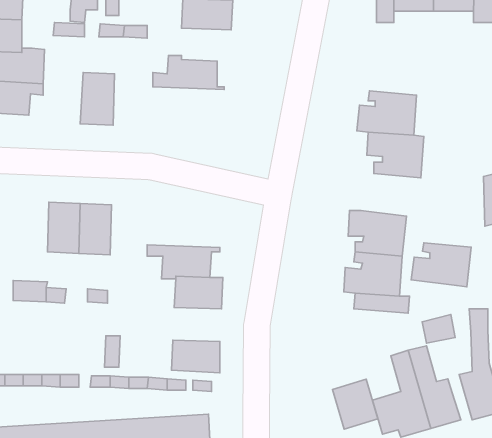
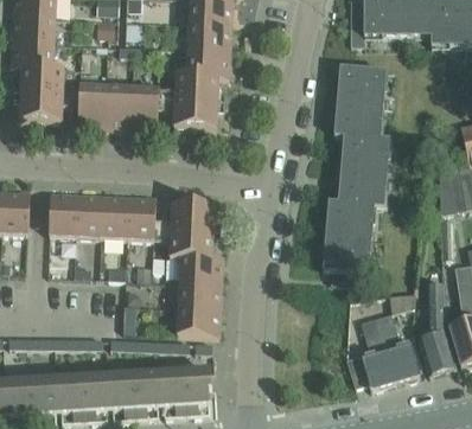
building: none -> [189,47,230,76]
building: none -> [339,65,388,103]
building: none -> [78,83,107,127]
building: none -> [132,85,159,129]
building: none -> [164,96,224,126]
building: none -> [50,191,78,233]
building: none -> [129,194,157,237]
building: none -> [160,201,221,230]
building: [411,243,471,287] -> [338,168,388,205]
building: none -> [181,280,222,308]
building: [333,379,378,429] -> none

